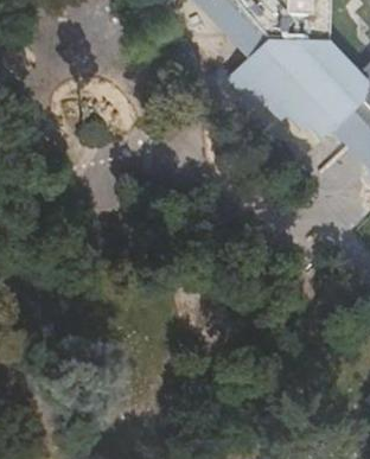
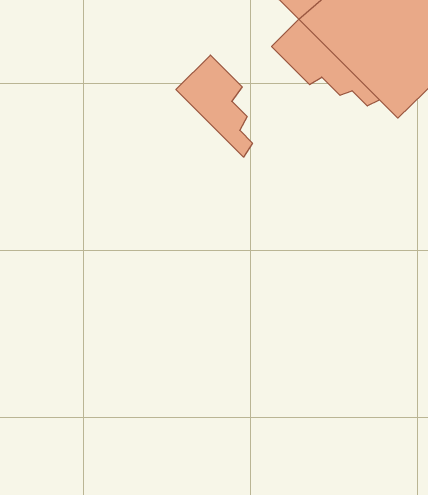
building: none -> [176,55,252,157]

